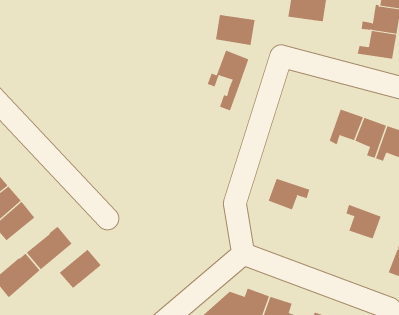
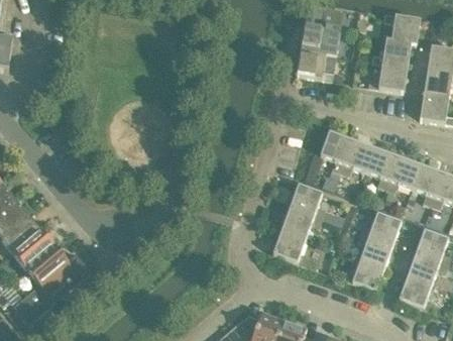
building: [215,15,255,46] -> [297,49,336,80]
building: [207,50,249,111] -> [311,130,352,190]
building: none -> [290,183,326,218]
building: none -> [360,212,402,244]
building: none -> [273,229,309,264]
building: none -> [343,258,384,291]
building: [59,249,101,289] -> [26,245,68,285]

